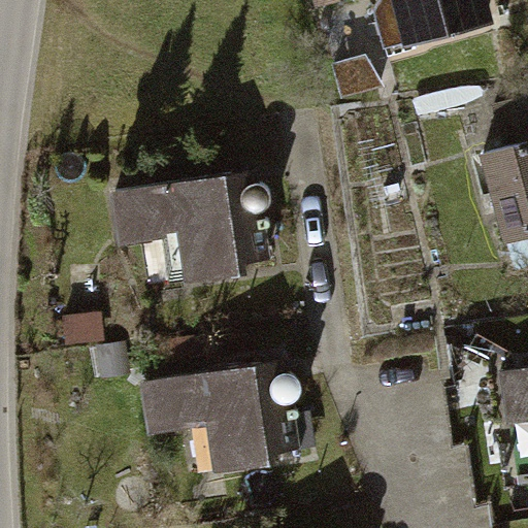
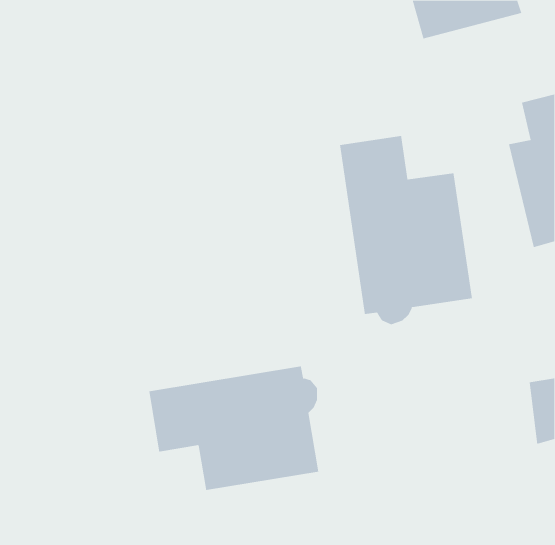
building: none -> [339,135,473,325]
building: [107,172,272,282] -> none

